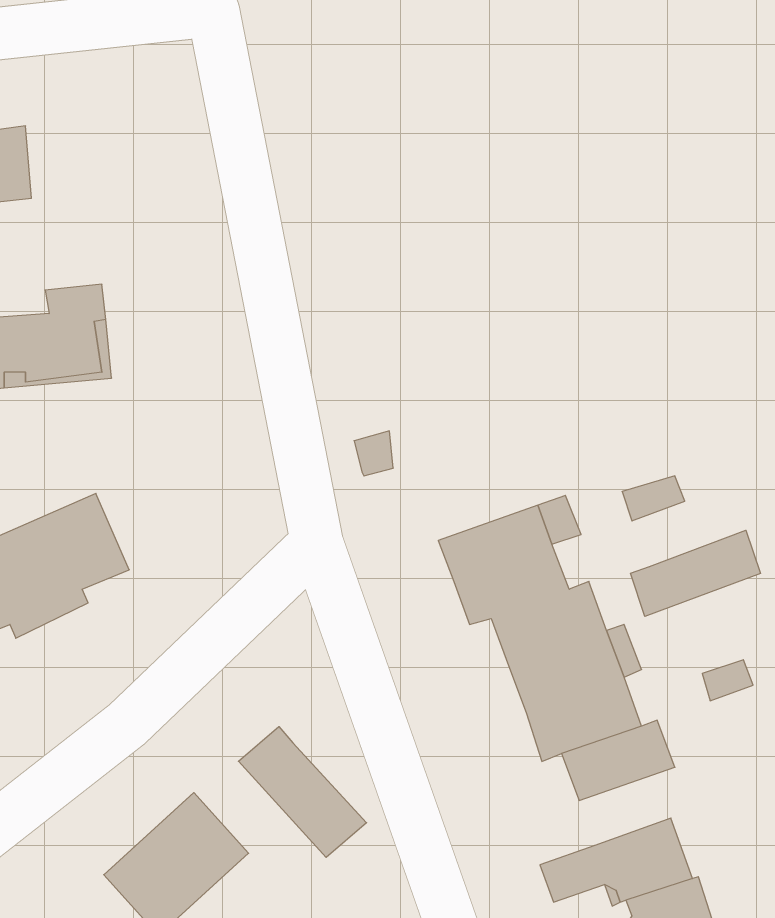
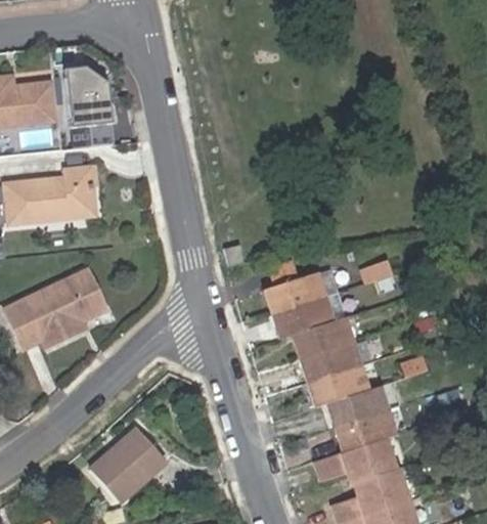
building: none -> [63,69,109,141]
building: [630,530,760,616] -> none
building: [238,727,367,857] -> none
building: none -> [339,414,397,455]

